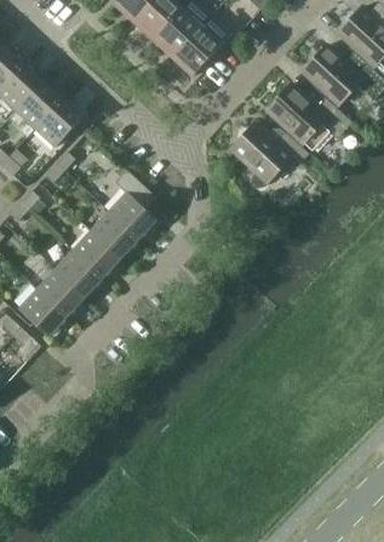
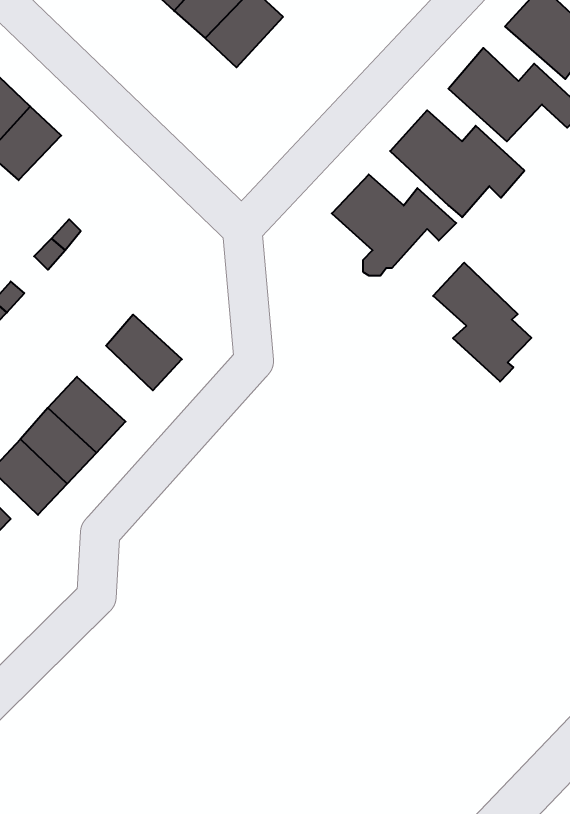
building: [171,25,220,76] -> none
building: [35,99,81,147] -> none
building: [107,170,155,239] -> none
building: none -> [433,263,531,382]
building: [71,230,119,278] -> none

